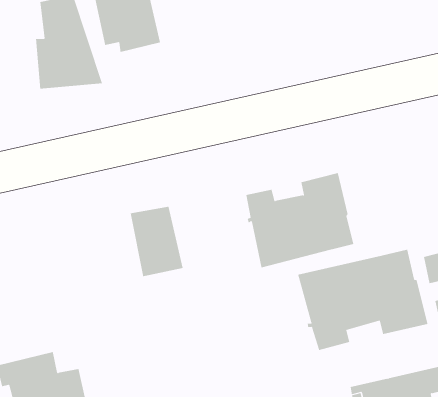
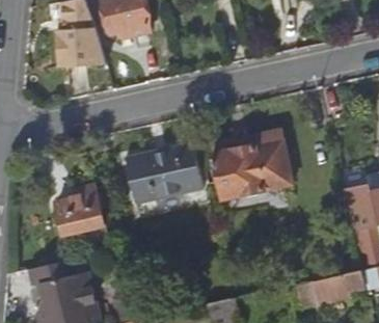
building: none -> [156,145,205,198]
building: [297,249,428,351] -> none
building: none -> [57,185,105,235]

